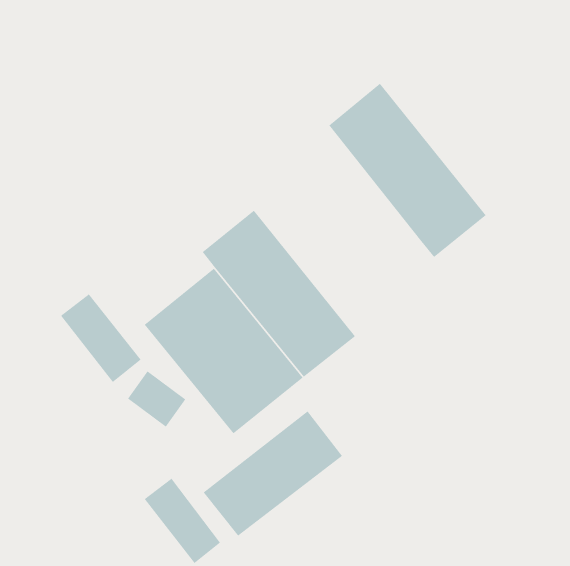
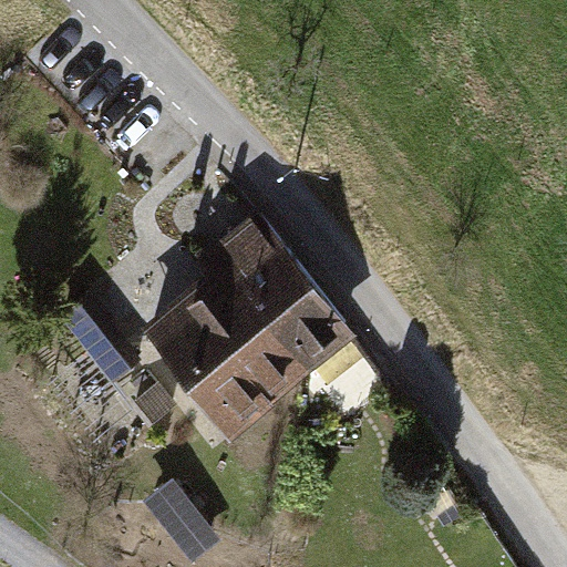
building: [328,83,487,258] -> none
building: [203,411,343,537] -> none

